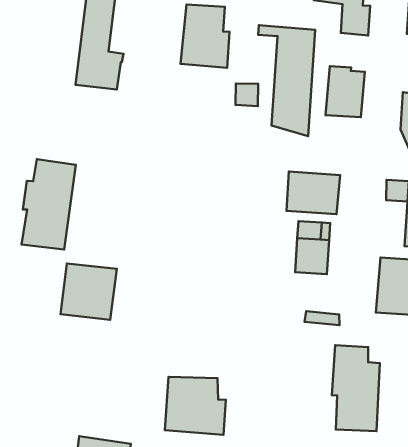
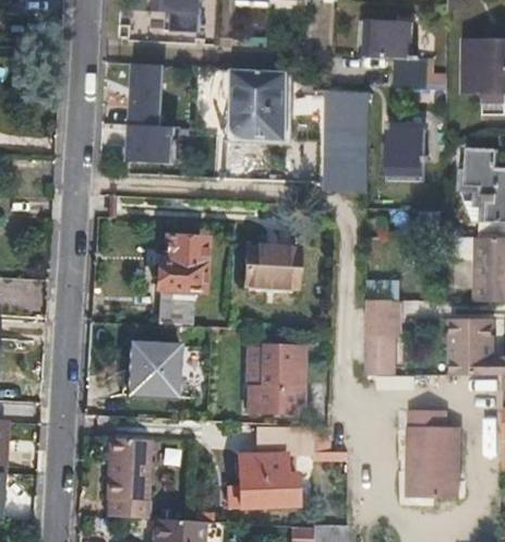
building: [22,159,76,249] -> [155,236,206,326]
building: [286,172,340,214] -> [247,246,299,287]
building: none -> [363,337,390,373]
building: none -> [247,348,306,415]
building: none -> [108,442,149,519]

